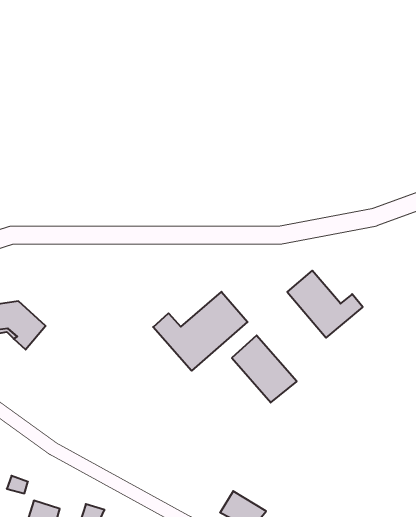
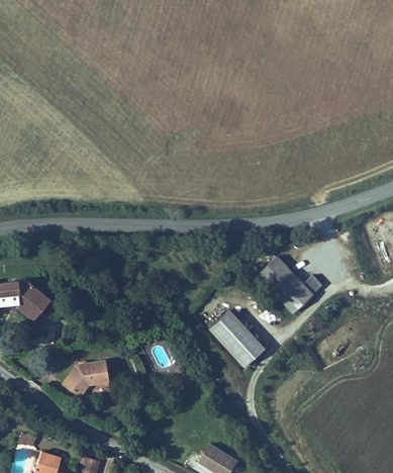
building: [153,292,248,371] -> none
building: none -> [62,360,109,399]

